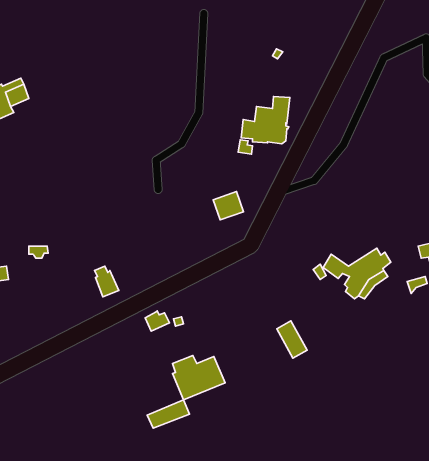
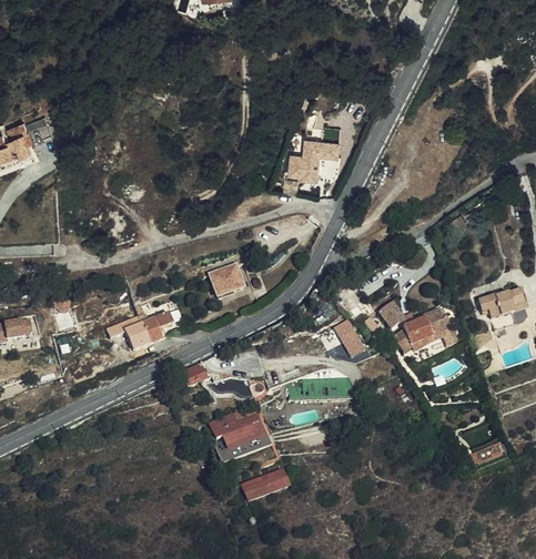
building: [213,192,244,220] -> [211,263,244,294]
building: none -> [140,311,175,344]
building: [277,321,307,358] -> [334,317,367,358]
building: [147,400,190,428] -> [242,469,289,500]

